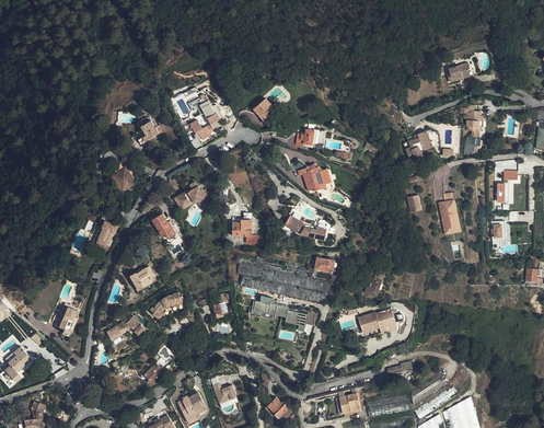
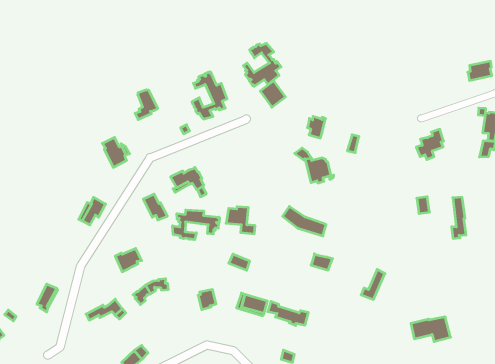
building: none -> [243,43,281,86]
building: none -> [173,210,220,240]
building: [358,309,396,333] -> [411,317,451,342]

